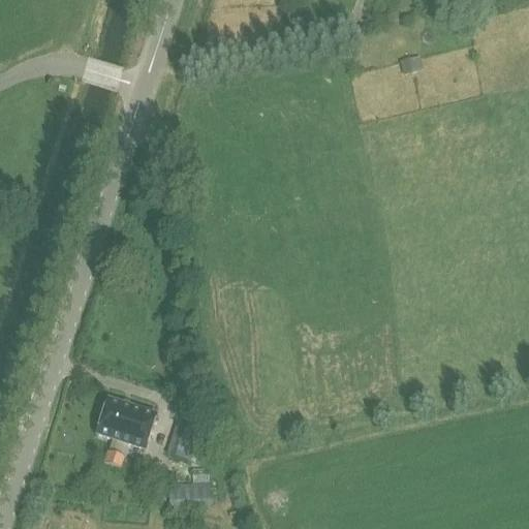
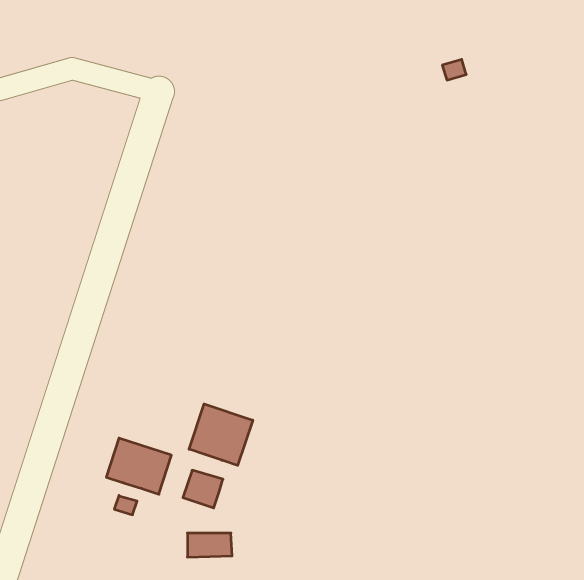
building: none -> [189,404,253,465]

